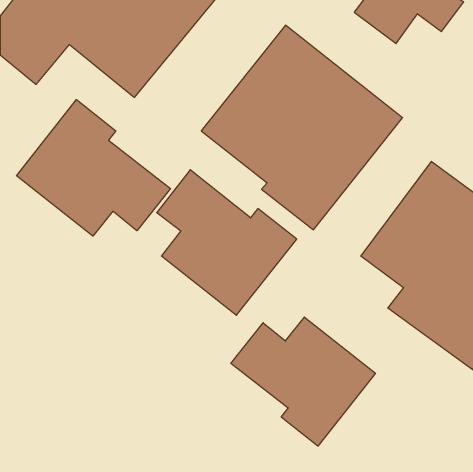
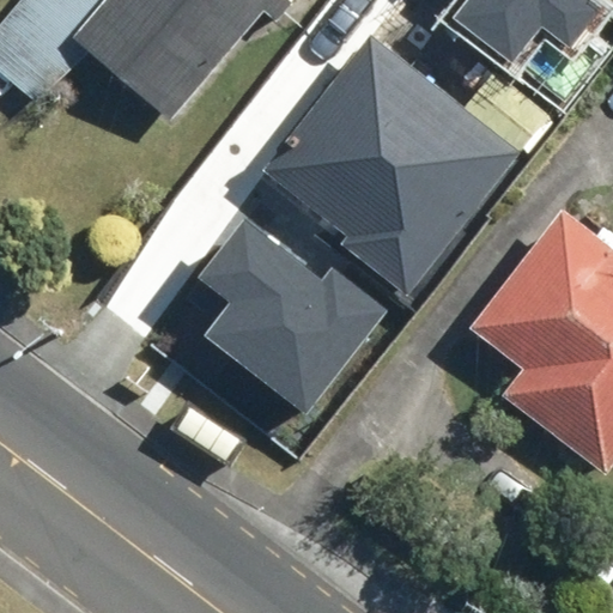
building: [17,100,170,236] -> none
building: [231,317,375,446] -> none

